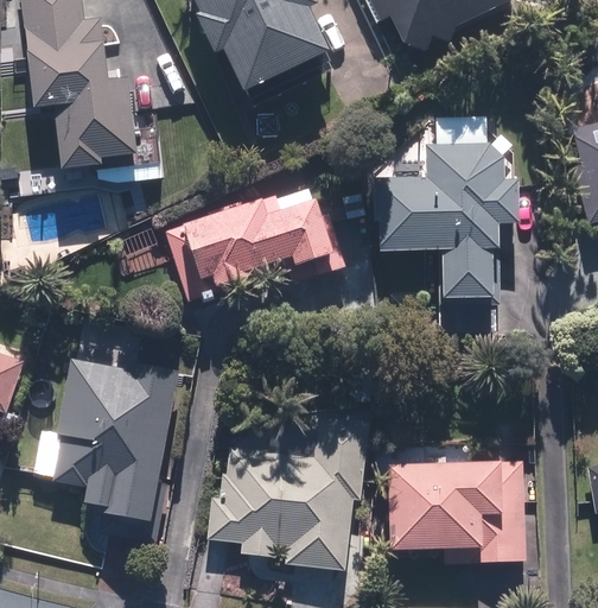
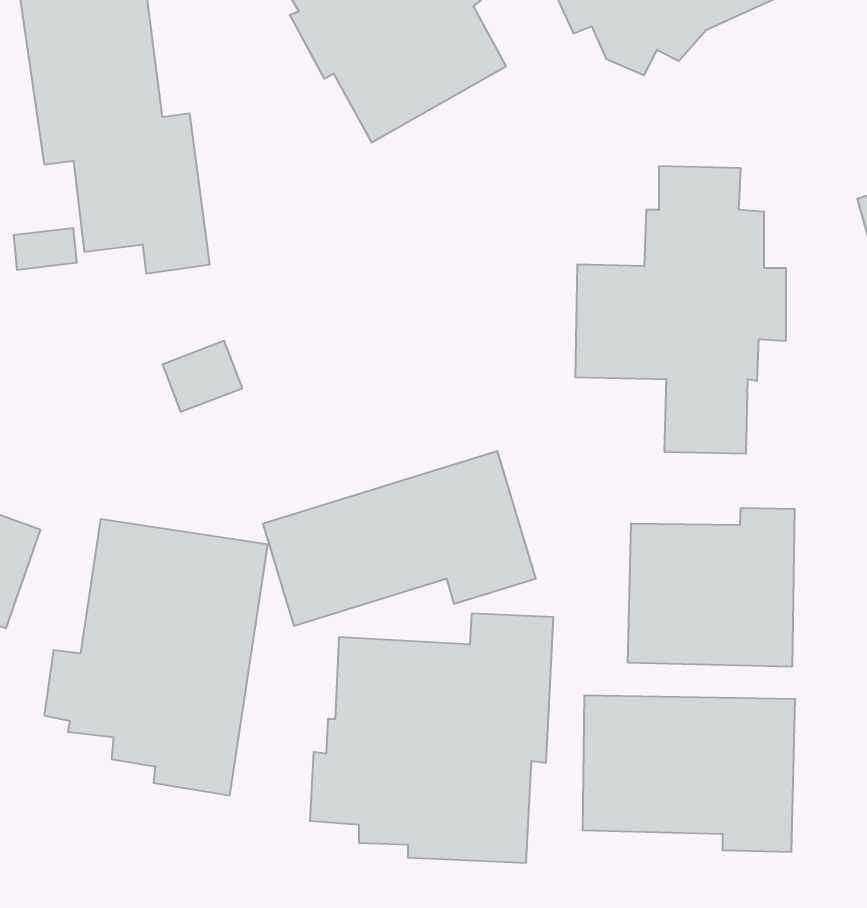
building: [165,182,343,296] -> [263,451,536,626]
building: none -> [628,508,795,667]

